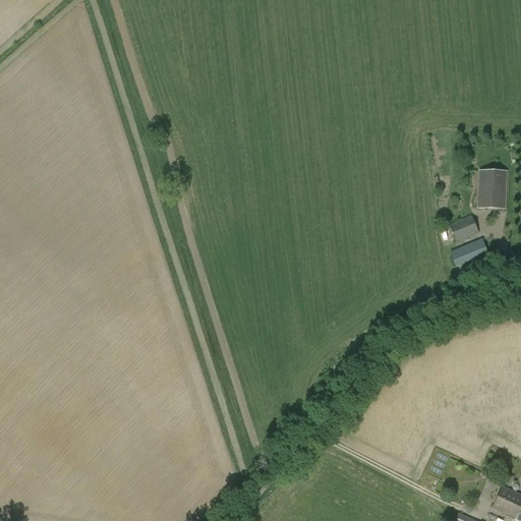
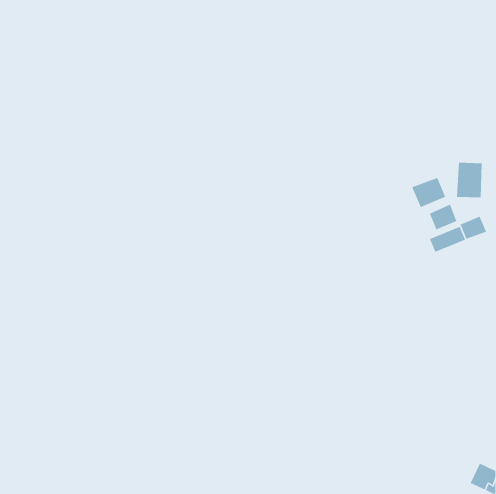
building: none -> [411,177,446,208]
building: none -> [460,216,487,240]

